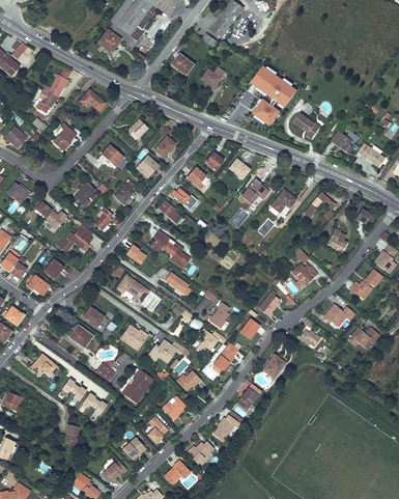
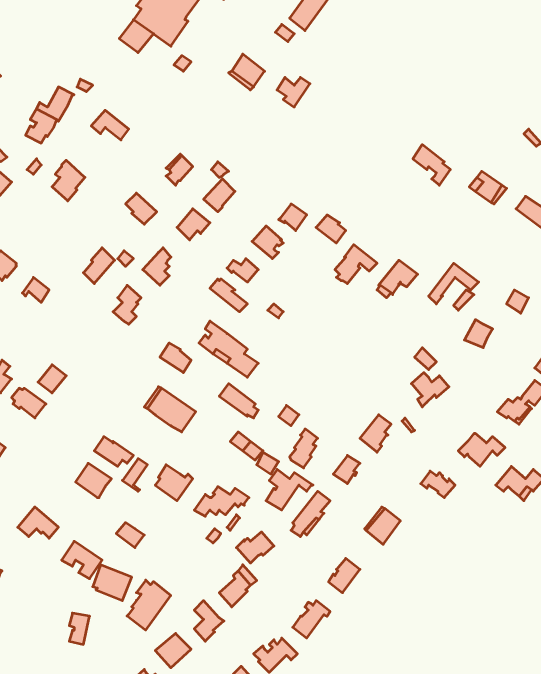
building: [248,62,298,124] -> none
building: [59,225,93,252] -> none
building: [123,369,152,403] -> [127,580,171,630]

